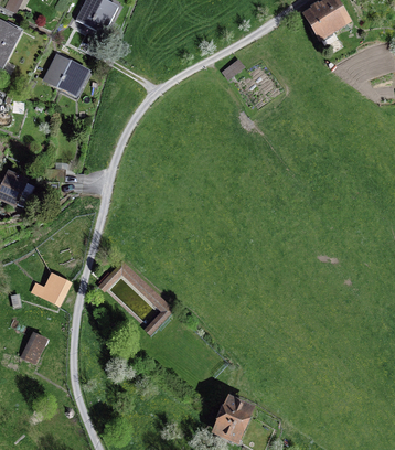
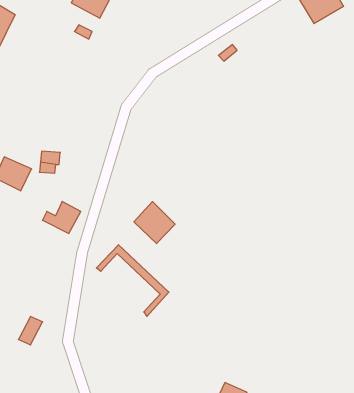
building: [45,55,87,95] -> none
building: none -> [134,202,175,244]
building: [32,272,71,304] -> [42,201,81,233]

